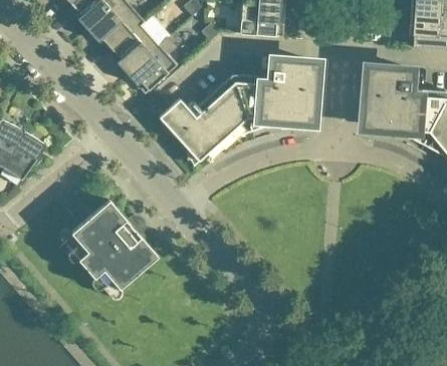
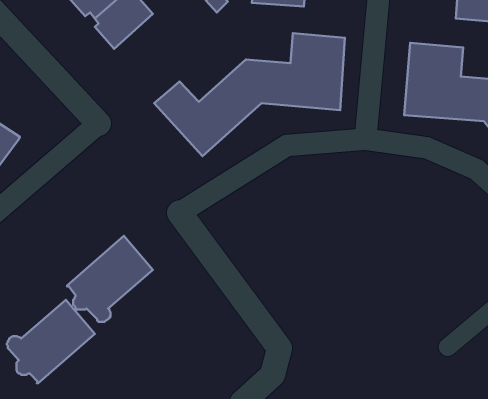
building: [125,36,177,93] -> none
building: [59,199,133,268] -> [7,300,95,383]

